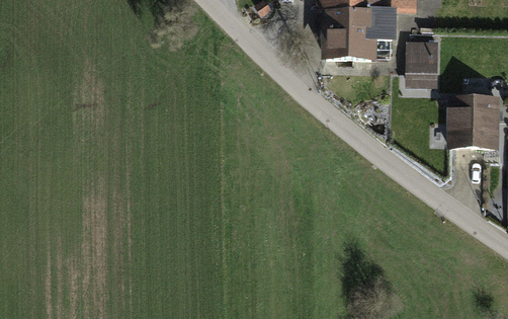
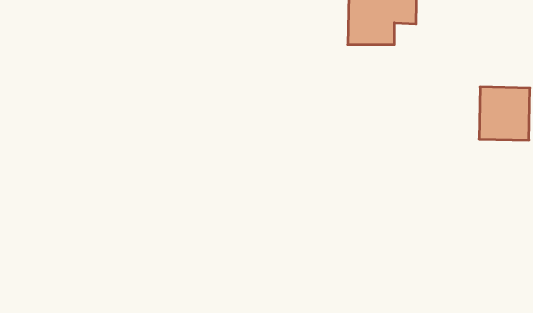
building: [409,43,435,81] -> none

